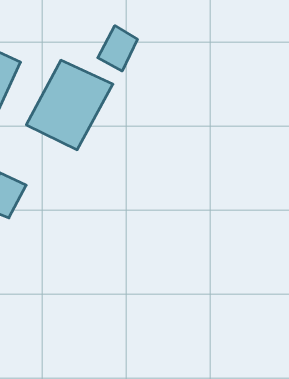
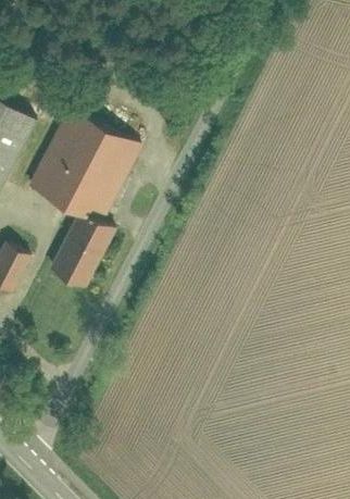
building: [98,26,137,71] -> none
building: none -> [46,214,111,290]

